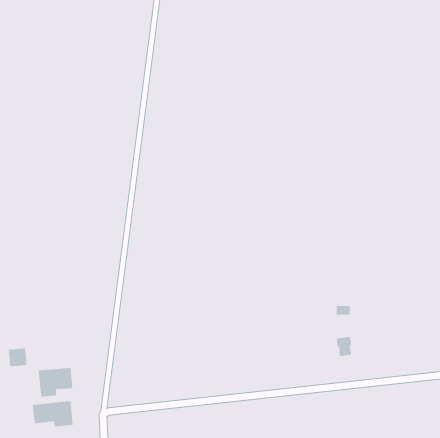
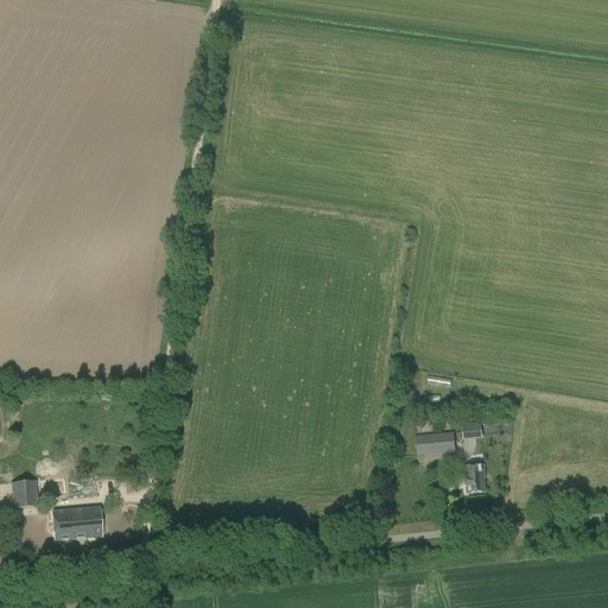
building: none -> [416,430,455,454]
building: [32,400,74,427] -> none

